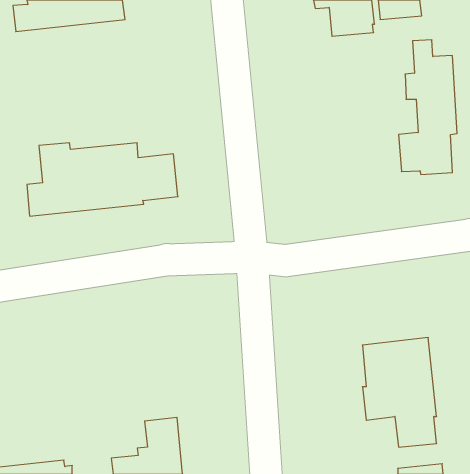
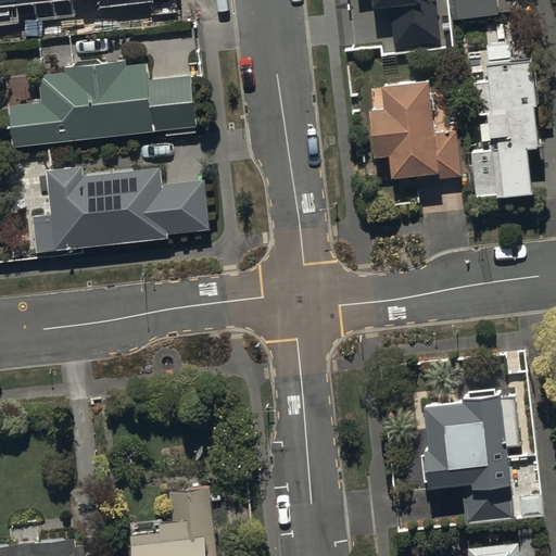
building: none -> [10,60,195,147]
building: none -> [366,80,459,178]

